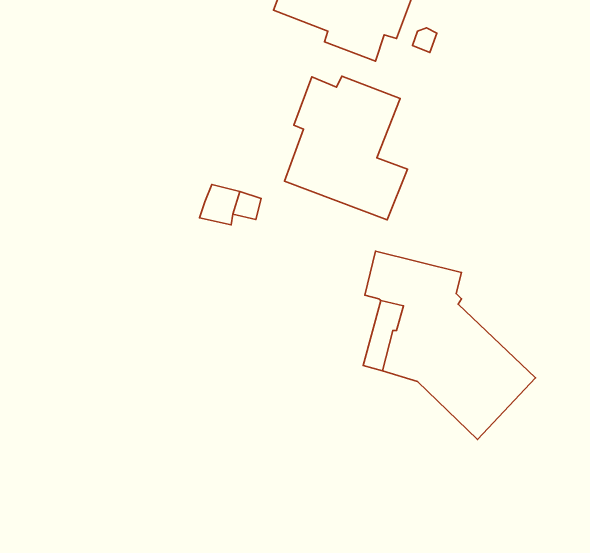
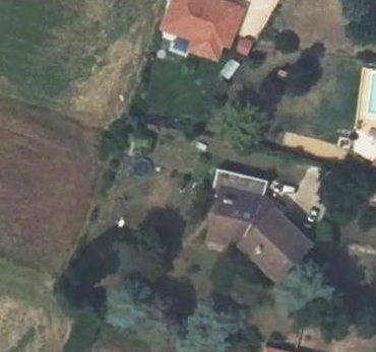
building: [285,76,407,220] -> none

